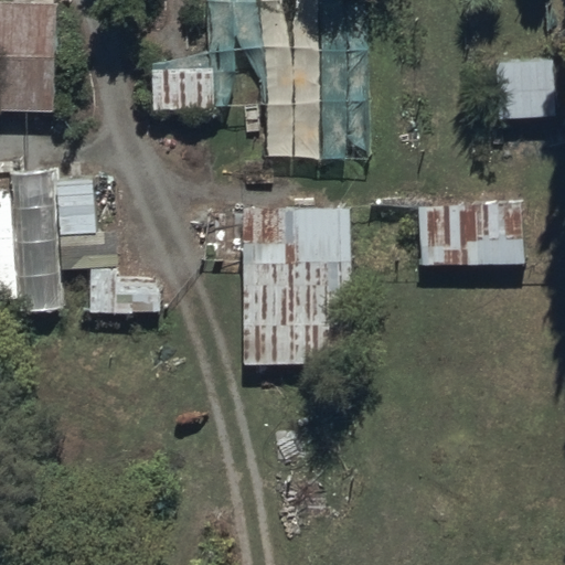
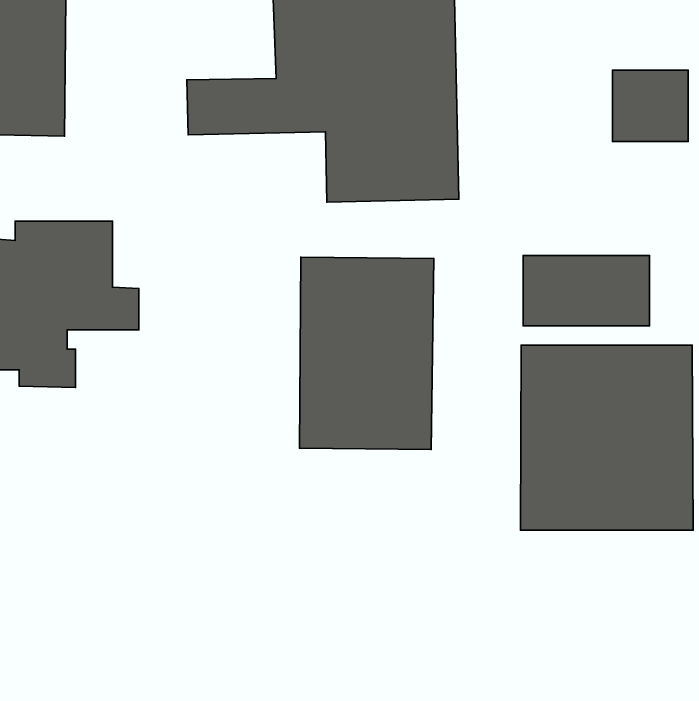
building: none -> [520,345,693,530]

